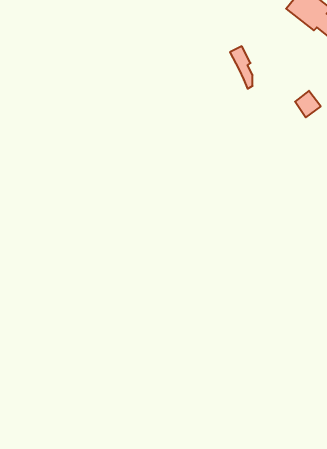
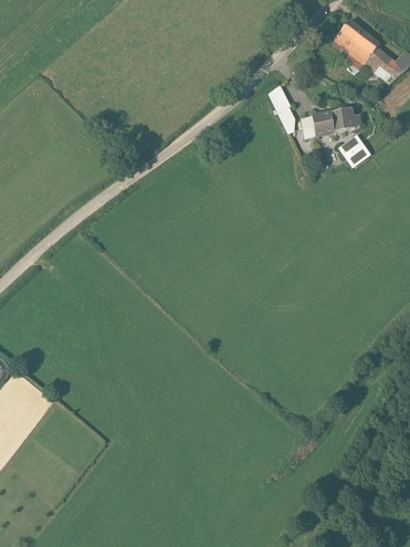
building: none -> [301,109,355,138]

